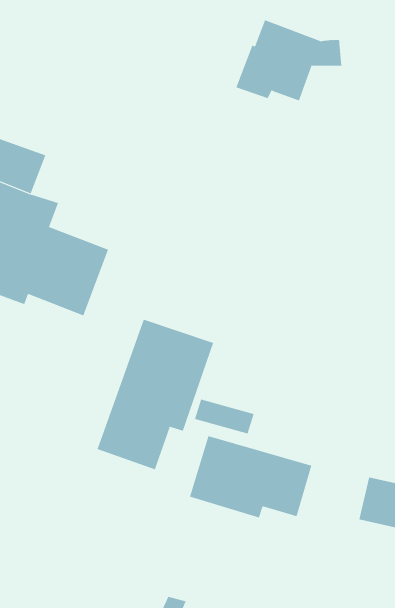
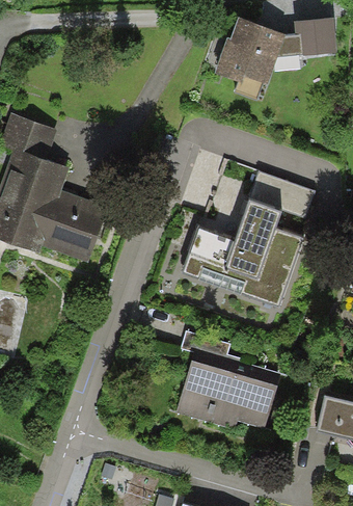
building: none -> [295,17,336,55]
building: none -> [182,170,315,309]
building: [97,319,214,470] -> none

